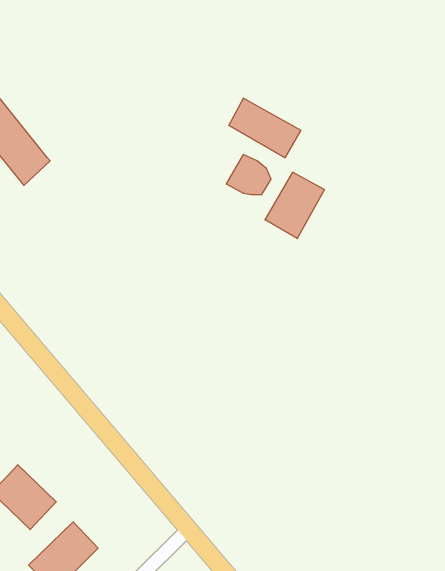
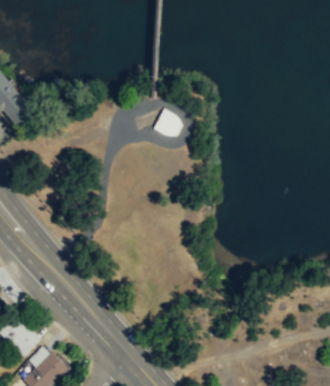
building: [229,98,301,158] -> none
building: [265,172,324,239] -> none

